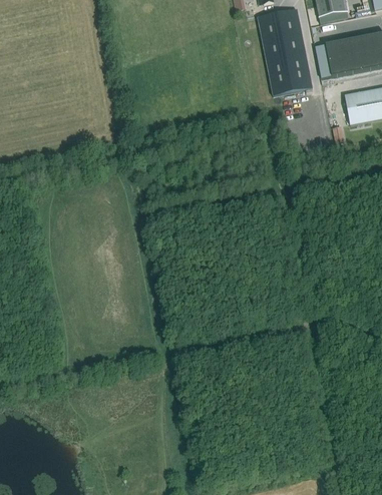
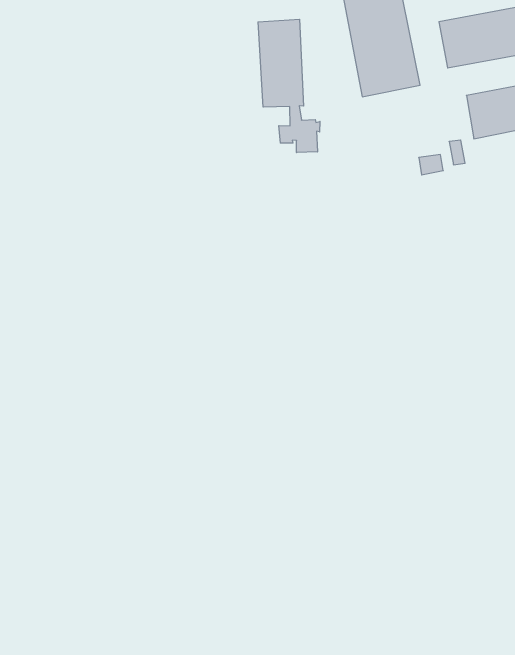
building: none -> [258,19,320,153]

